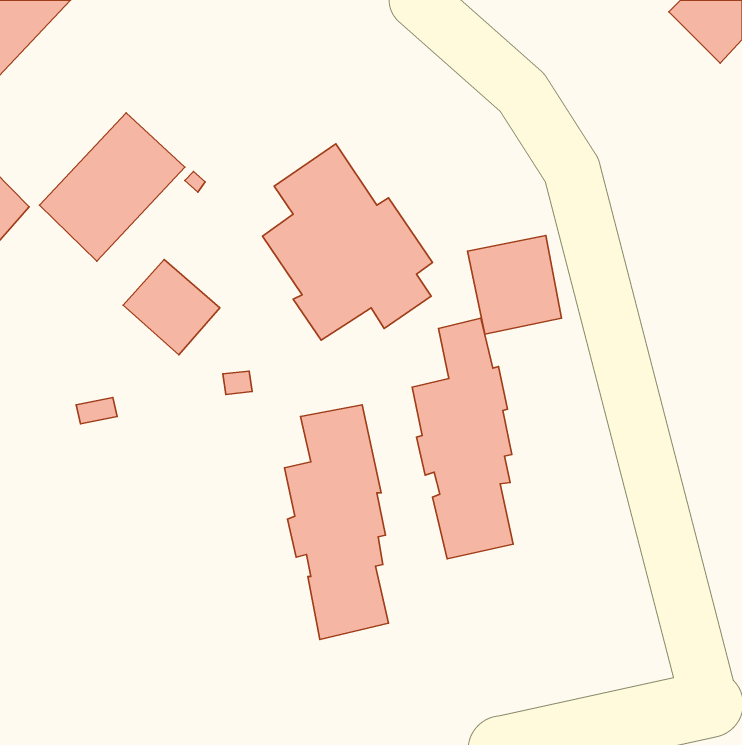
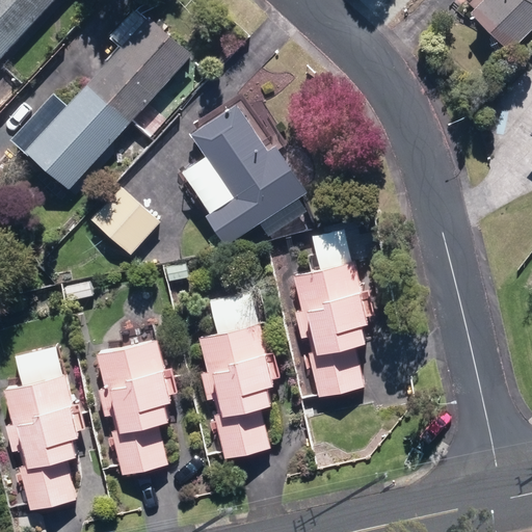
building: none -> [88,16,192,122]
building: [468,236,562,334] -> none
building: none -> [96,338,170,475]
building: none -> [6,375,80,509]

